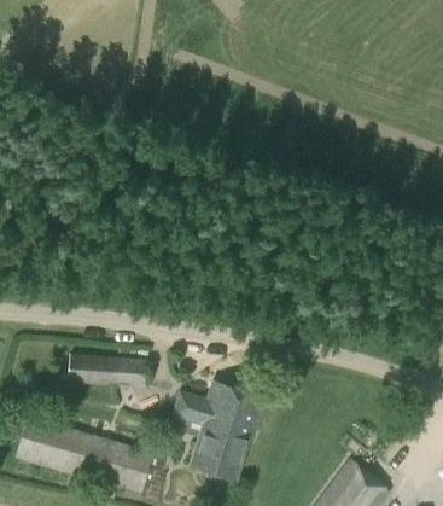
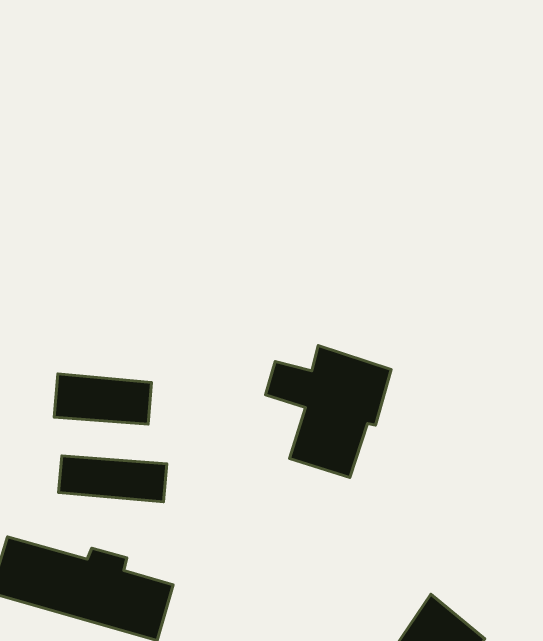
building: none -> [54,374,151,424]
building: [171,379,267,479] -> [266,346,391,478]

